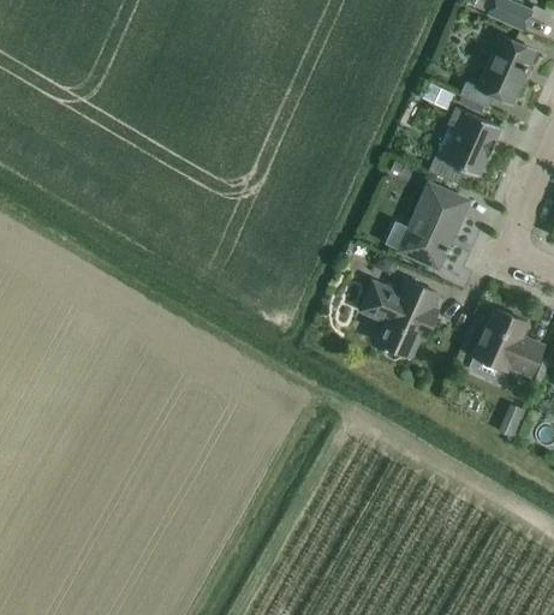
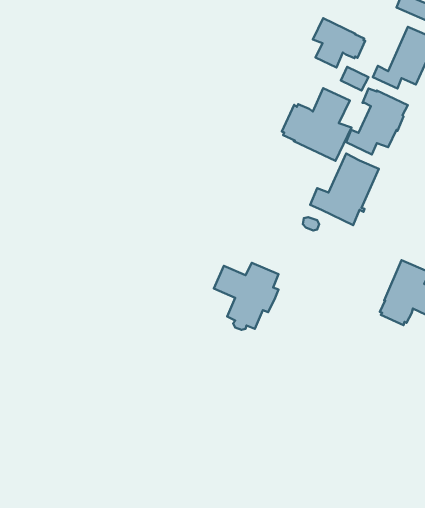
building: none -> [313,18,365,67]
building: none -> [282,88,351,161]
building: [362,279,437,357] -> [214,263,278,330]

